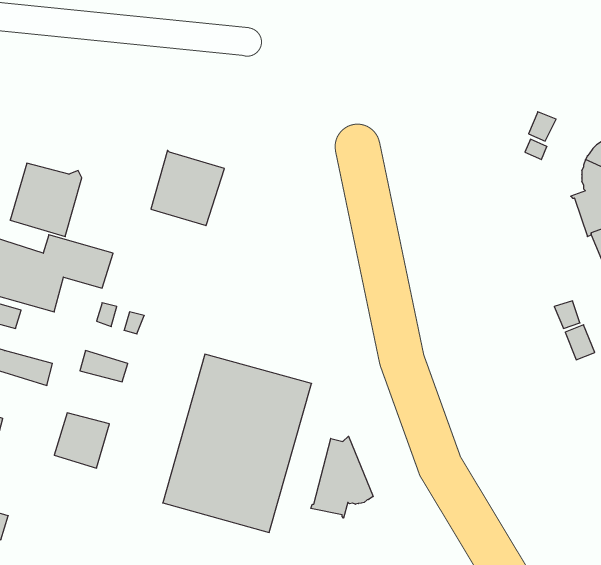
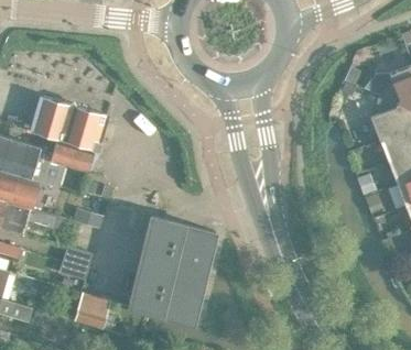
building: [151,150,224,226] -> [66,108,110,153]
building: [311,436,373,518] -> none
building: none -> [74,294,110,331]

